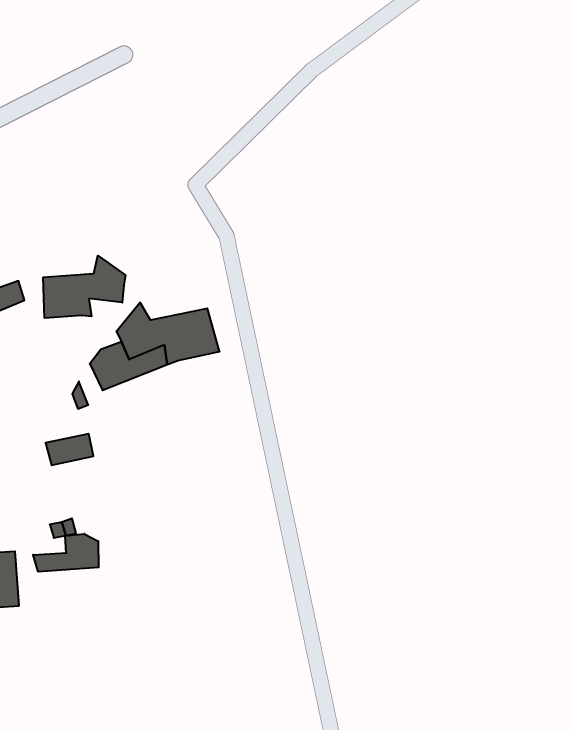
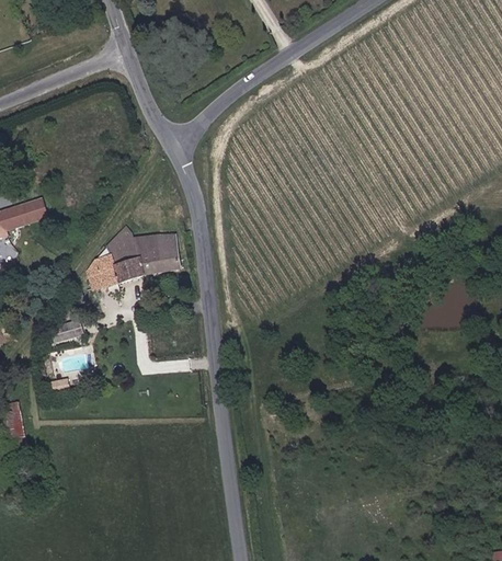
building: [43,256,125,318] -> none
building: [33,534,99,572] -> none

